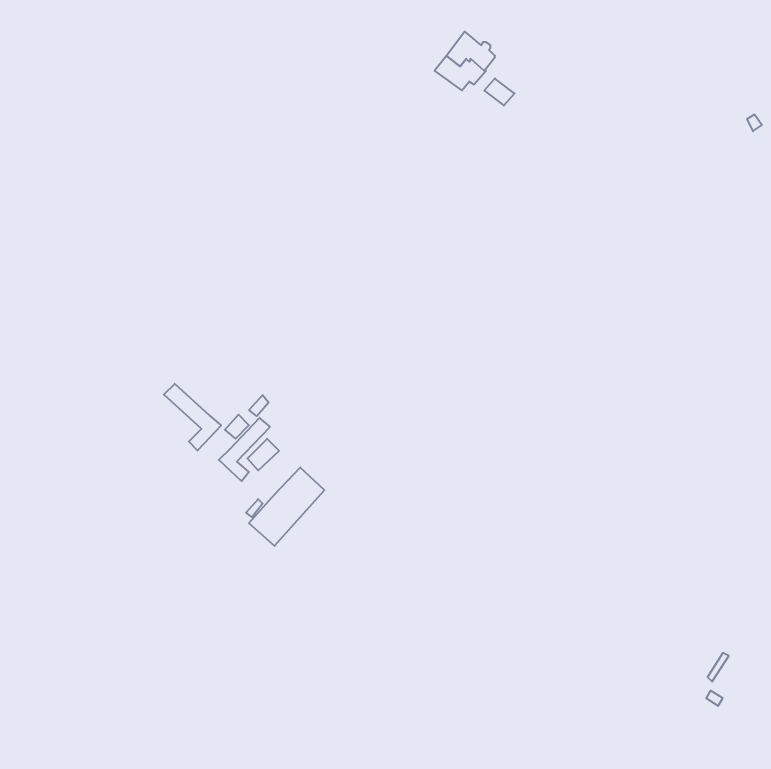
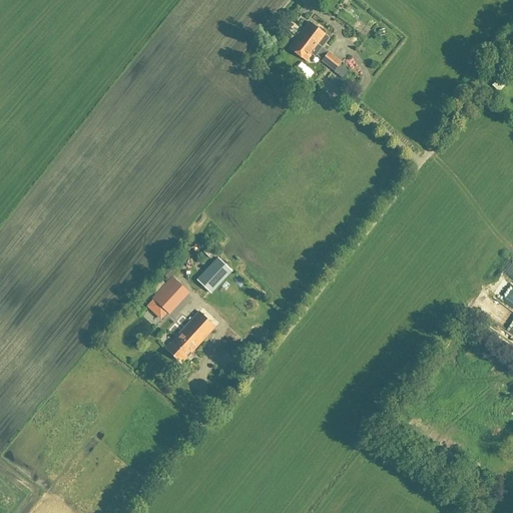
building: [164,384,221,451] -> none
building: none -> [197,256,232,293]

